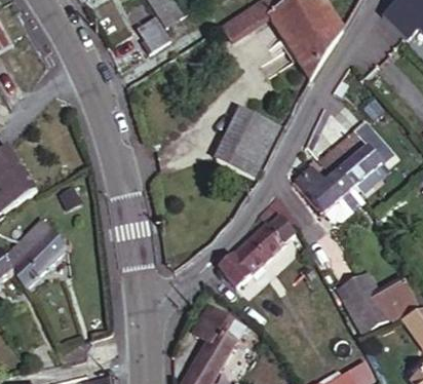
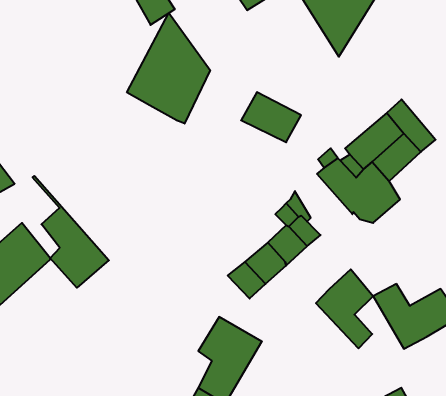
building: none -> [127,13,210,124]
building: [215,133,267,178] -> none
building: none -> [33,176,109,288]
building: none -> [316,269,373,348]

